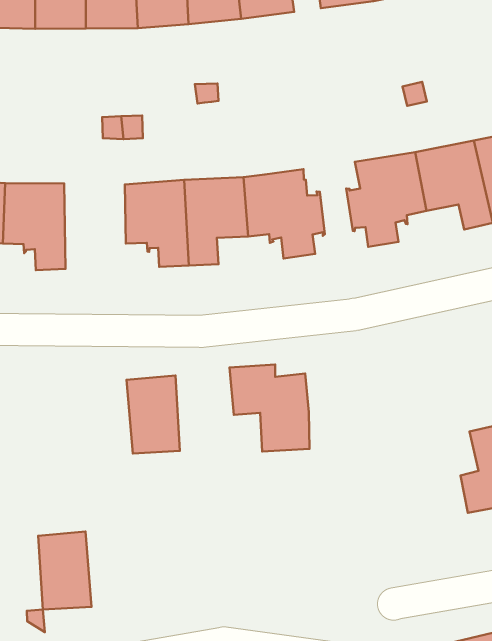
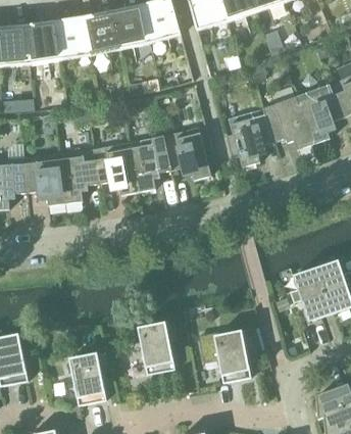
building: none -> [58,148,99,202]
building: [230,365,309,451] -> [197,330,250,382]
building: [127,376,180,453] -> [138,325,174,374]
building: none -> [289,268,323,322]

